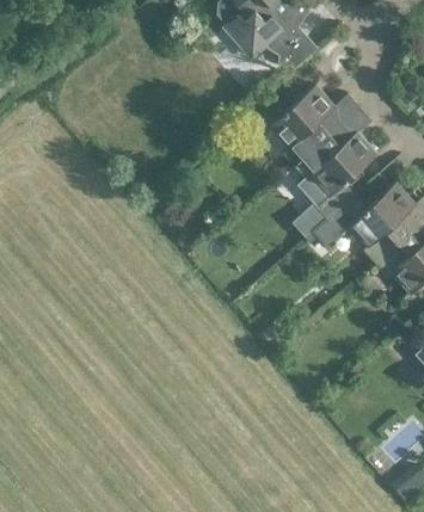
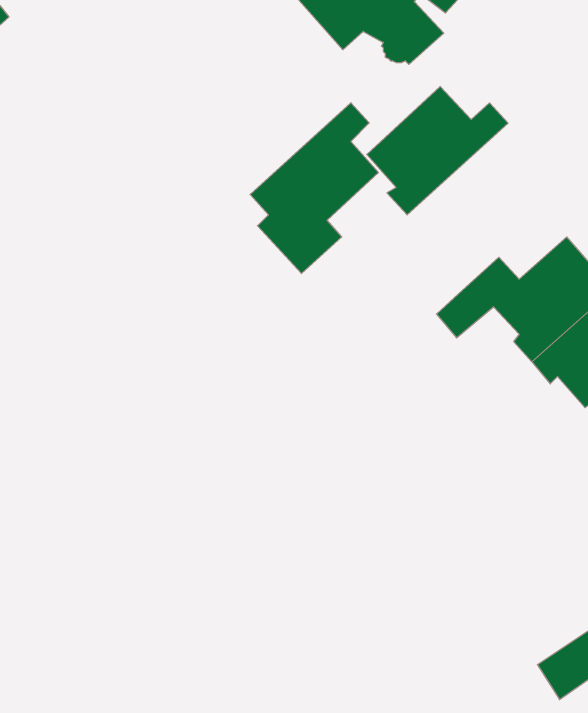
building: [294,109,377,220] -> [250,103,378,274]

